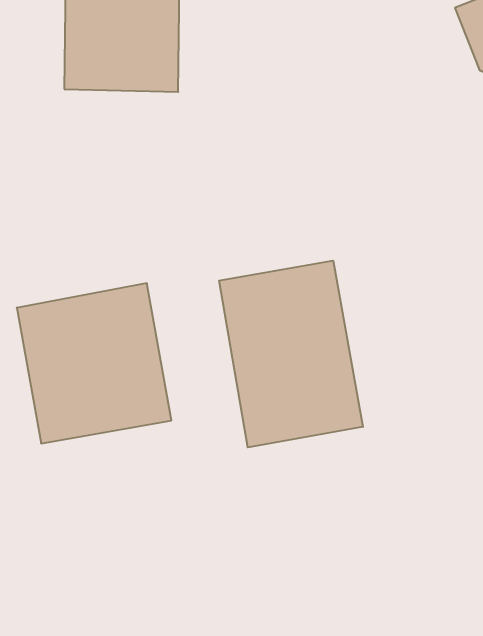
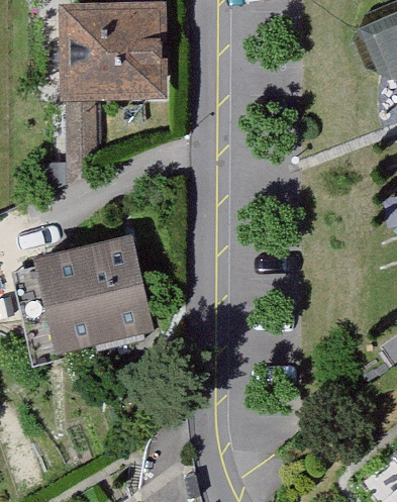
building: [219,261,363,447] -> none

